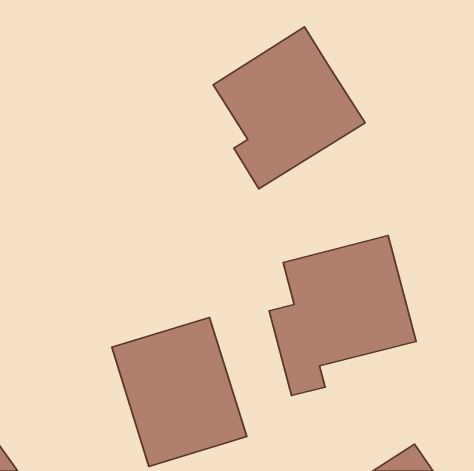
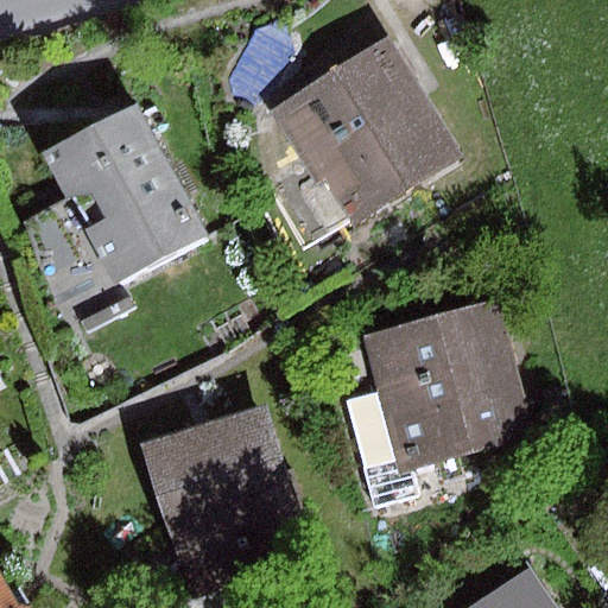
building: none -> [24,100,207,303]

